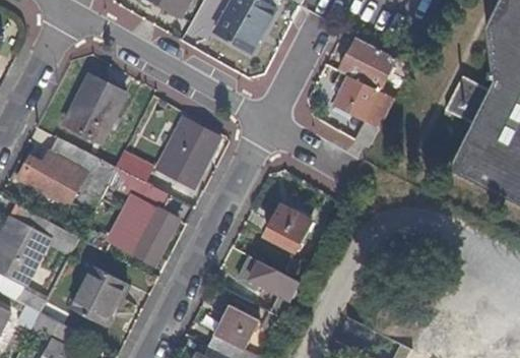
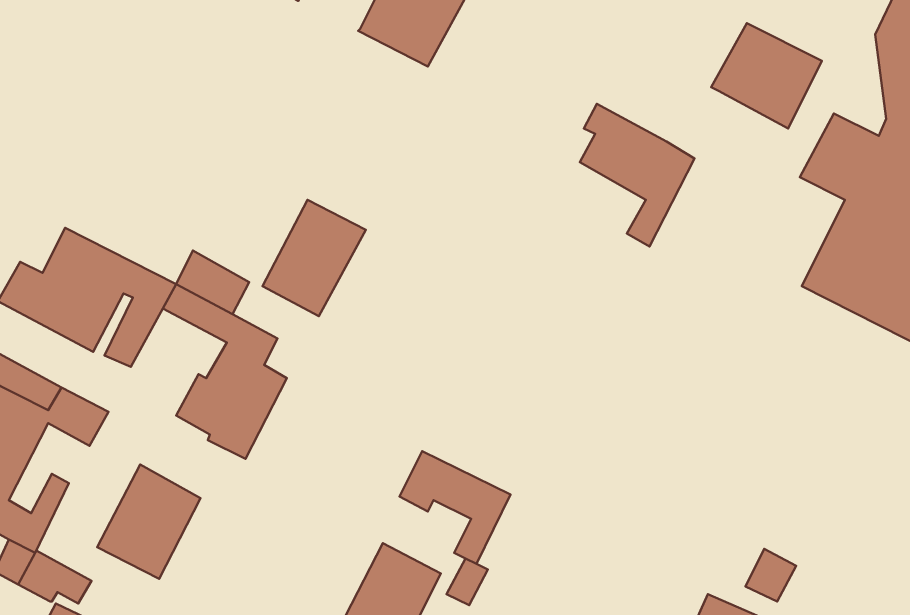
building: [337,34,397,91] -> [711,23,822,128]
building: [65,66,129,136] -> none
building: [261,208,309,254] -> none

